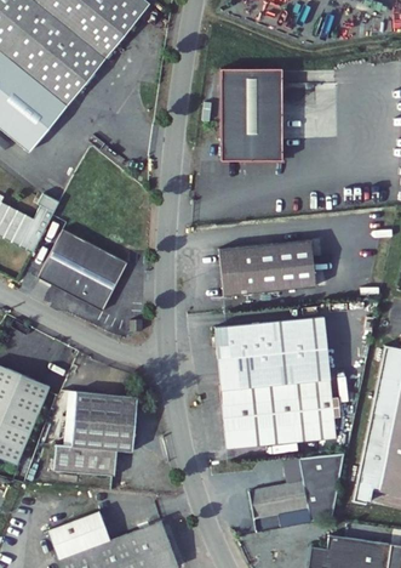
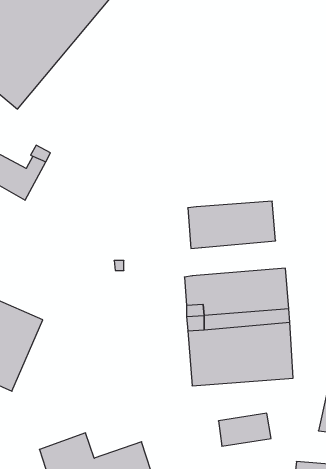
building: [222,67,287,163] -> none
building: [39,227,127,308] -> none
building: [56,388,143,477] -> none
building: [297,458,345,529] -> none

